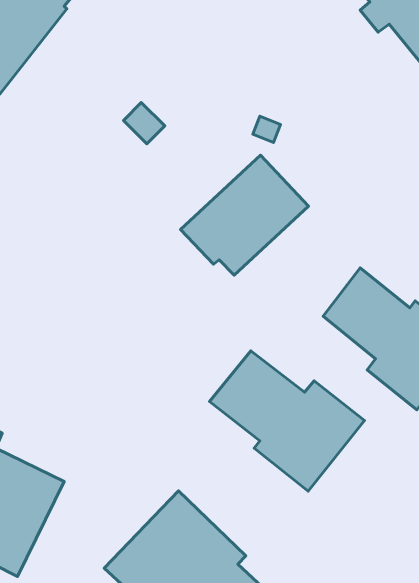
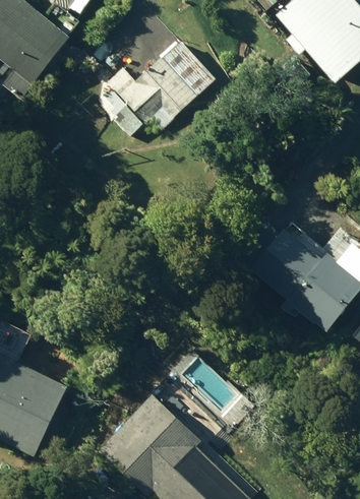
building: [180,155,309,275] -> [119,41,214,129]
building: [210,351,364,491] -> none

